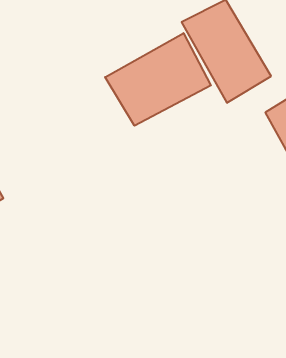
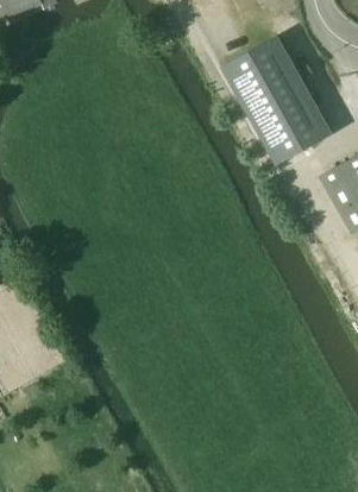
building: [105,33,211,126] -> none

